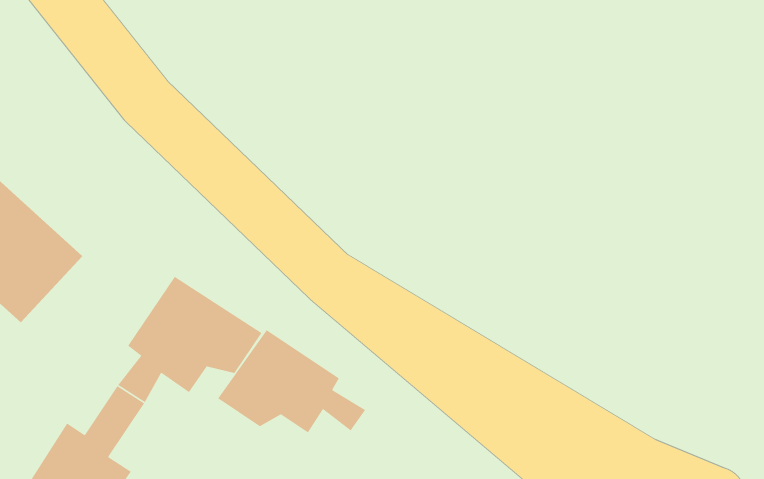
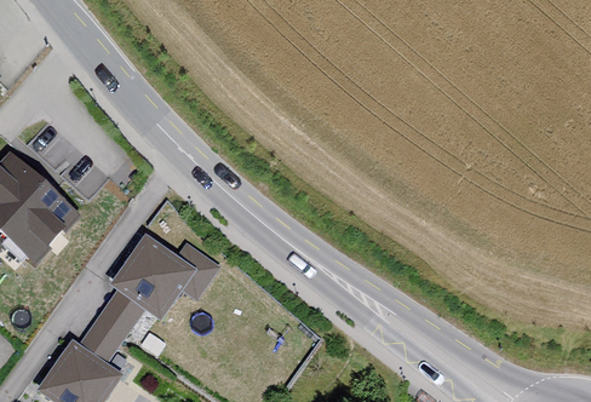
building: [217,329,366,433] -> none

